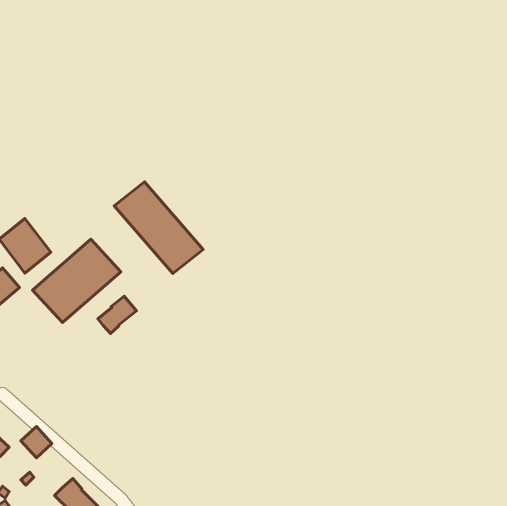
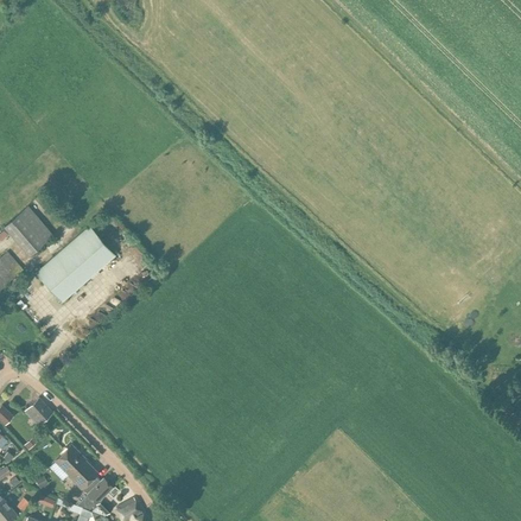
building: [114,182,203,274] -> none
building: [98,296,137,333] -> none

